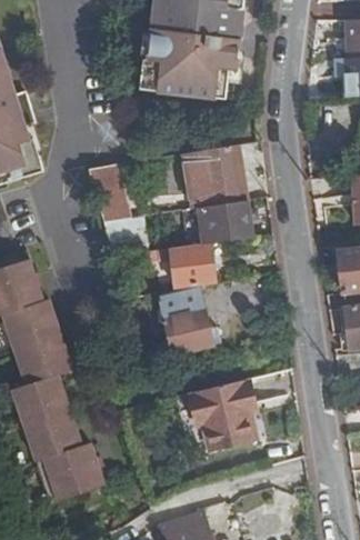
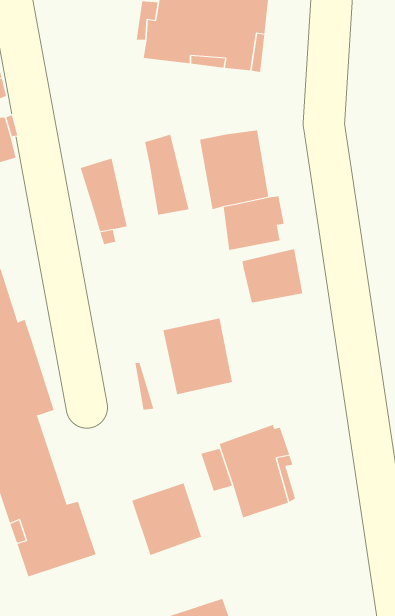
building: none -> [145,134,189,215]
building: [167,244,216,288] -> [241,248,303,303]
building: none -> [132,483,202,556]

